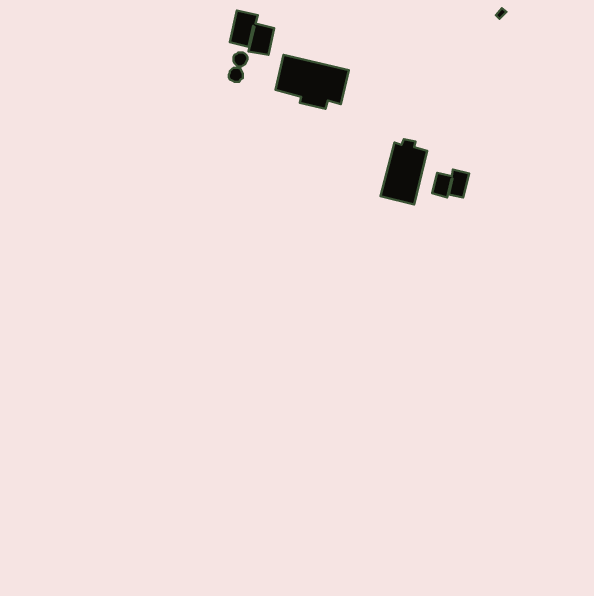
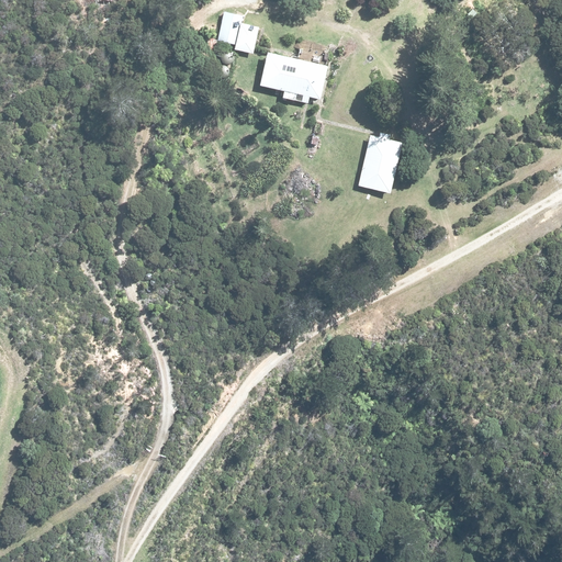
building: [432,170,469,198] -> none

